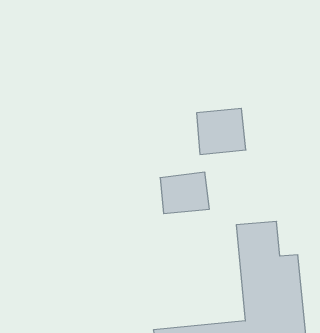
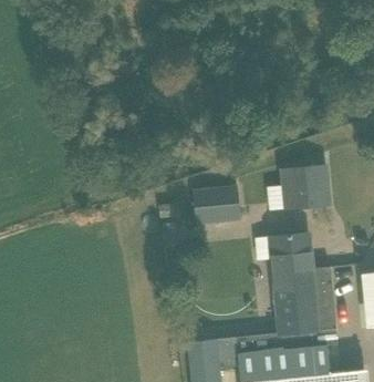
building: [197,108,246,154] -> [283,163,332,208]

